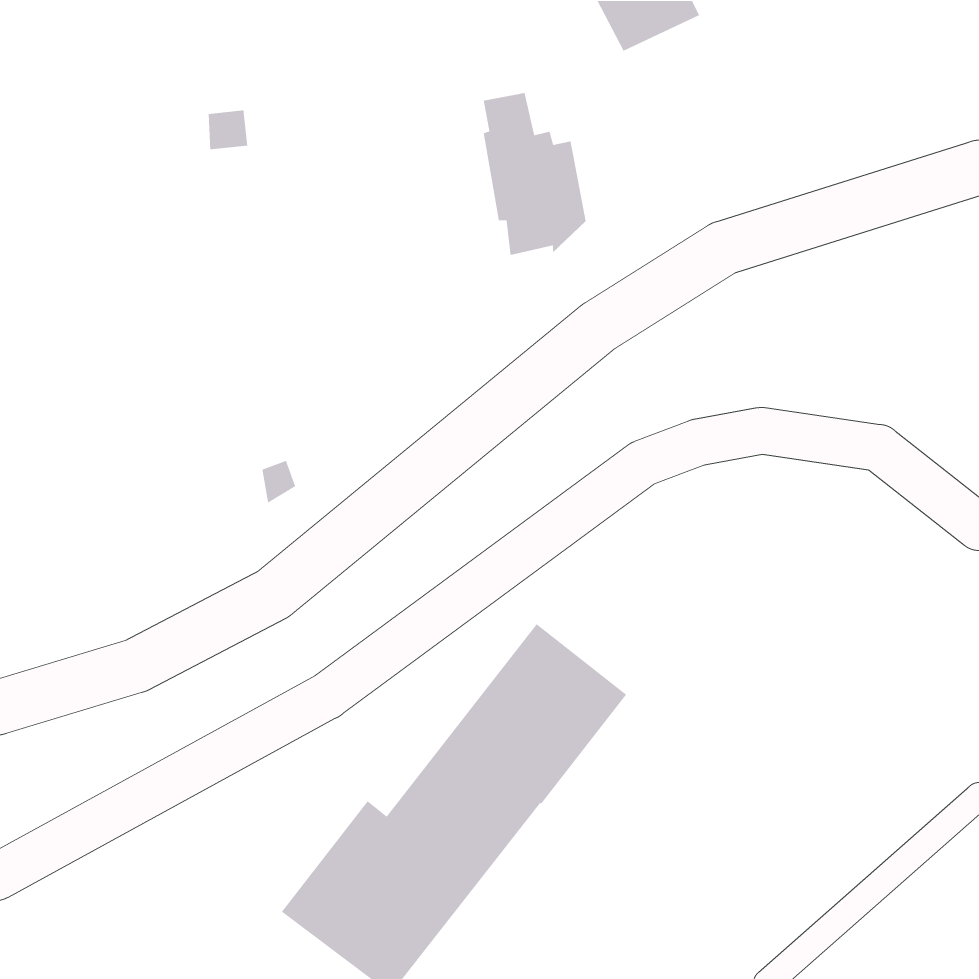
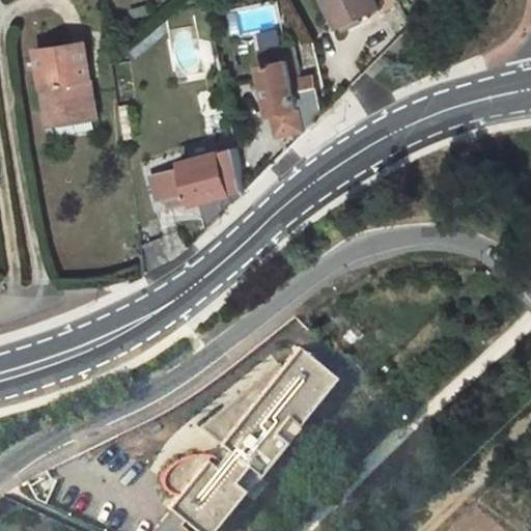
building: none -> [37,51,95,132]
building: none -> [160,150,244,206]

